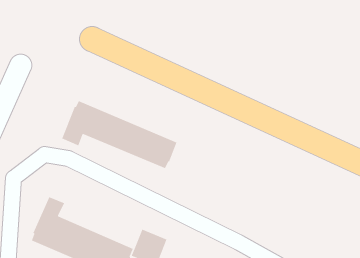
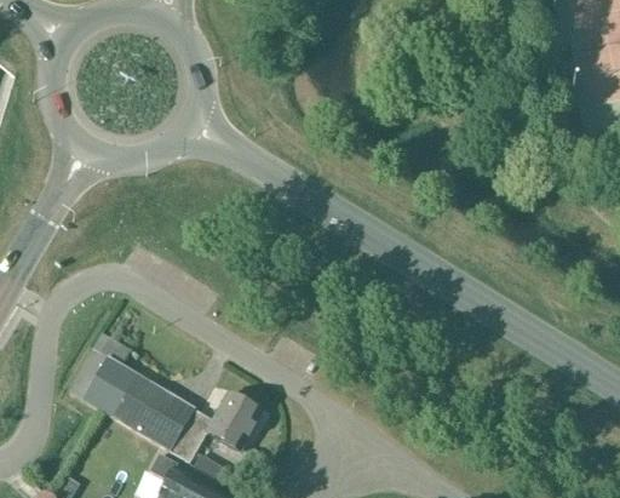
building: [61,100,178,169] -> none

